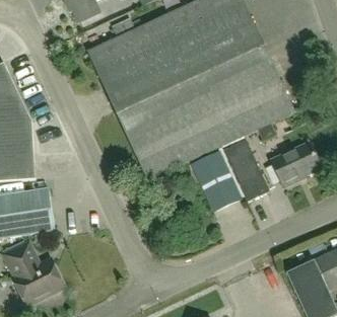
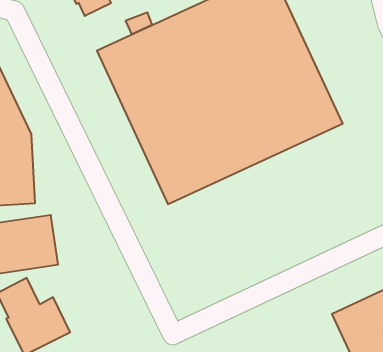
building: [224,139,270,201] -> none
building: [270,141,322,185] -> none
building: [192,151,242,211] -> none

